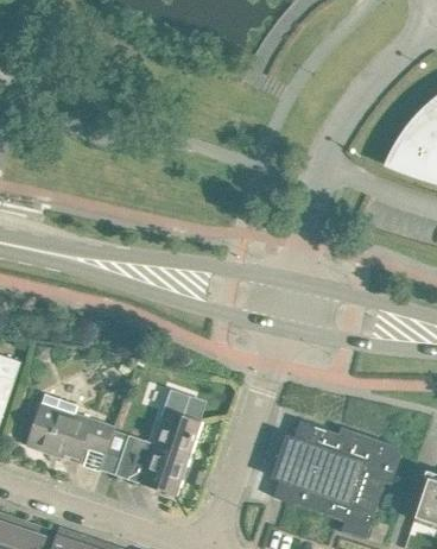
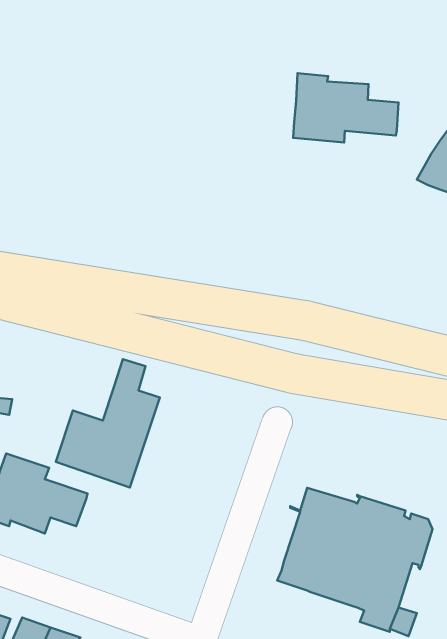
building: none -> [293,73,398,143]
building: [113,390,200,497] -> [56,359,160,487]

